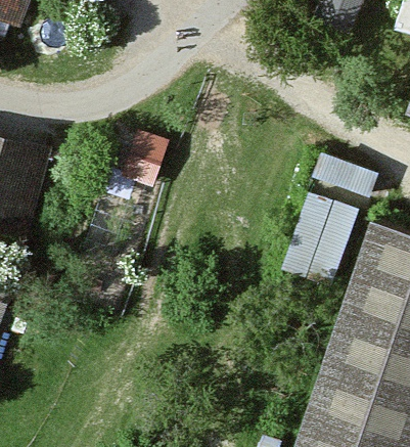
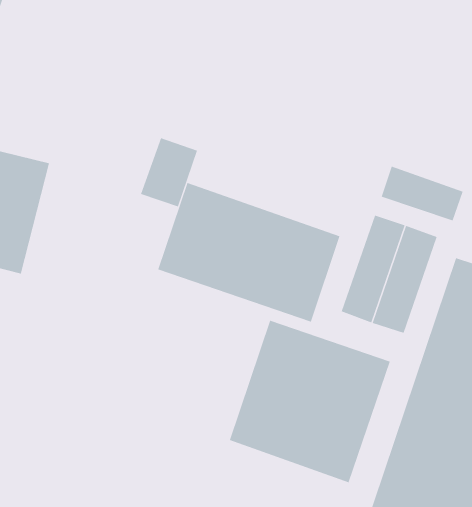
building: none -> [157,182,340,322]
building: none -> [229,320,390,483]

